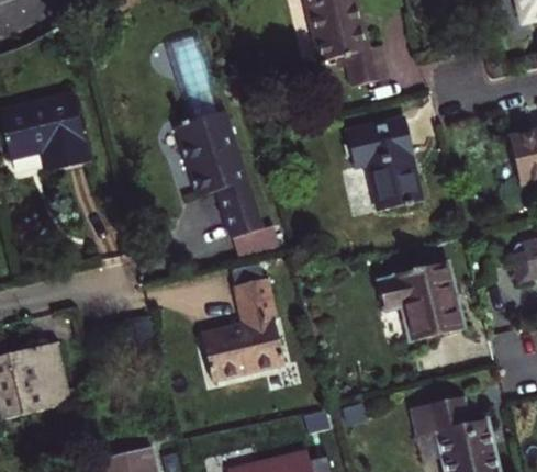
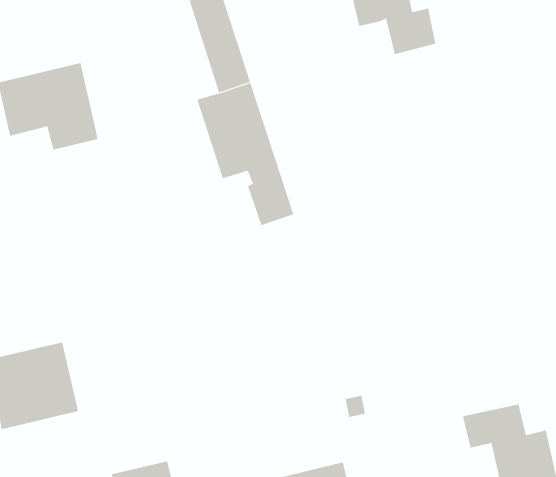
building: [346,119,413,211] -> none
building: [233,225,280,259] -> none
building: [378,262,465,341] -> none
building: [201,278,284,381] -> none

